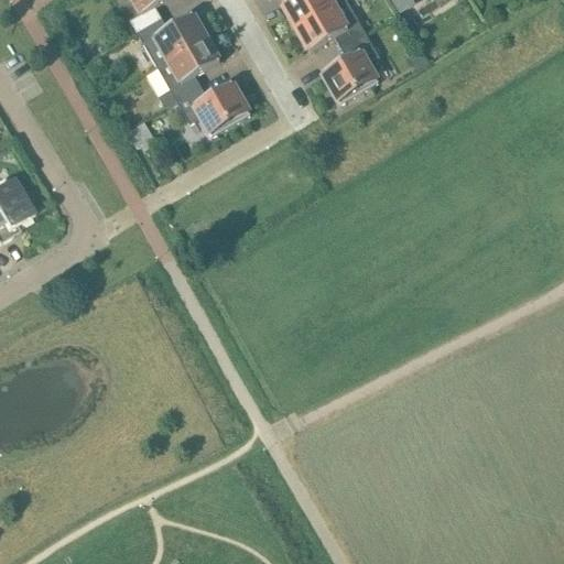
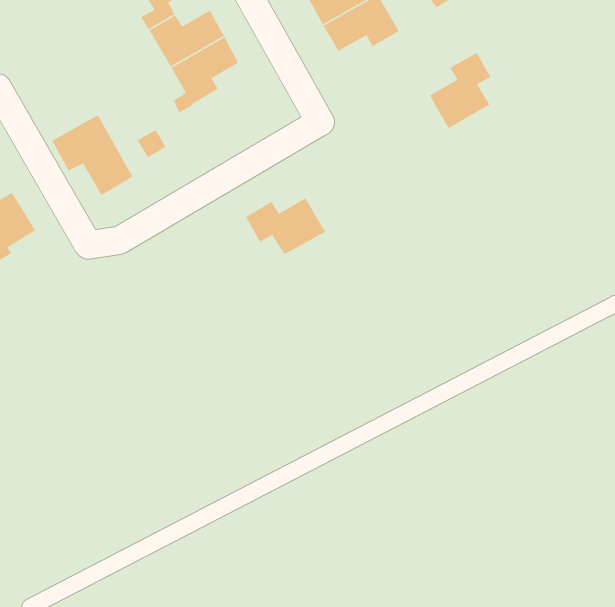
building: [321,29,378,99] -> [429,52,492,129]
building: [175,78,249,131] -> [245,197,326,255]
building: none -> [51,114,133,196]

